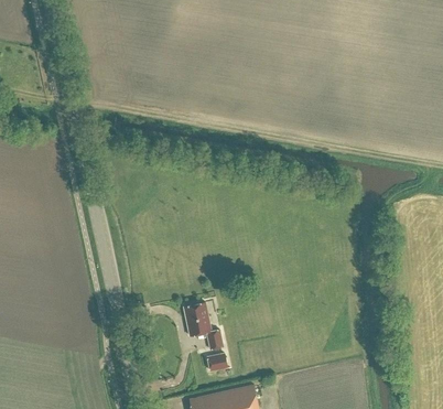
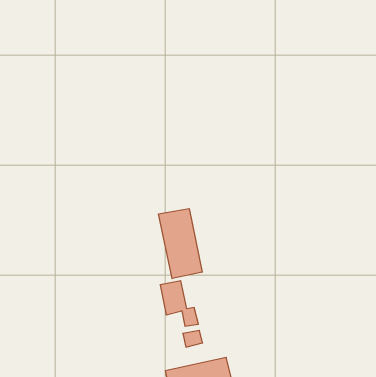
building: none -> [159,209,202,279]

